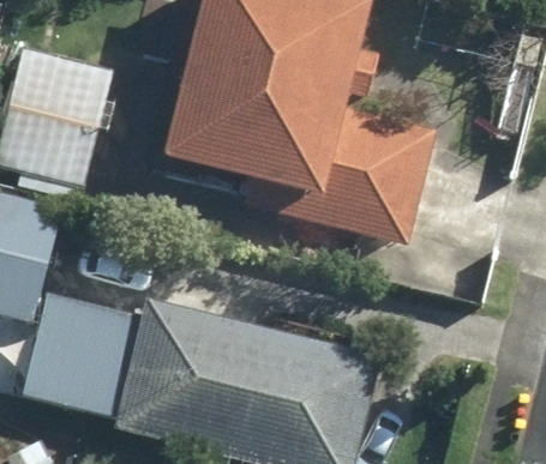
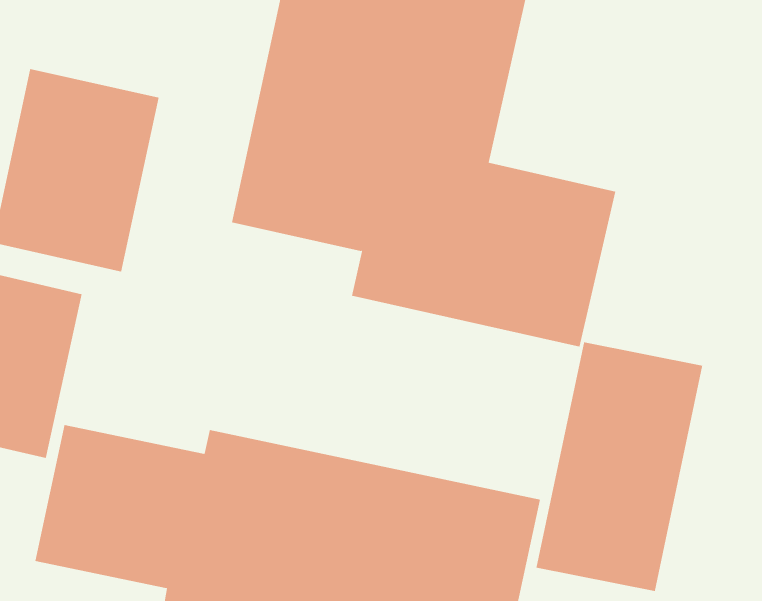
building: none -> [536,341,703,592]

